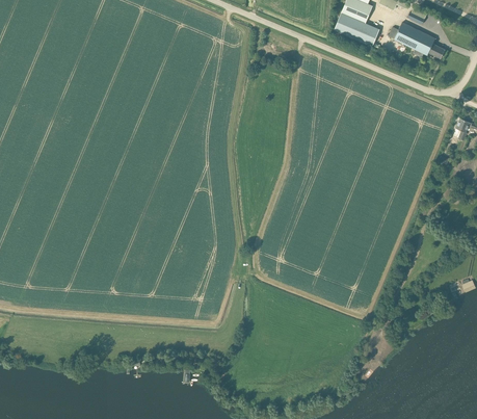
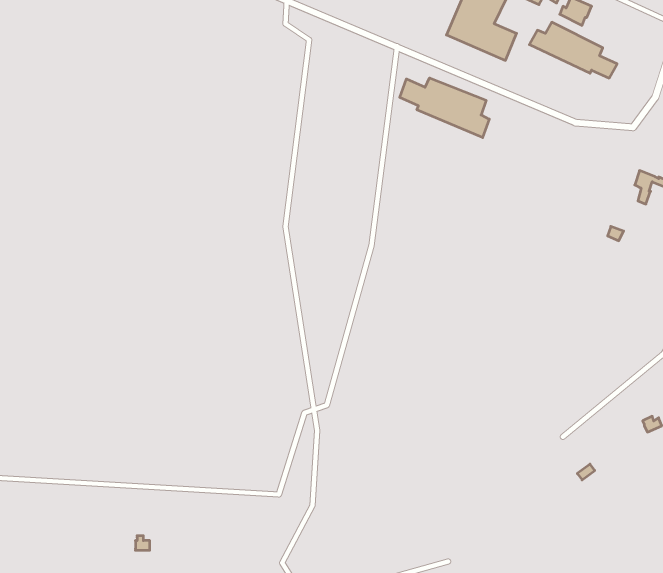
building: none -> [400,78,489,138]

